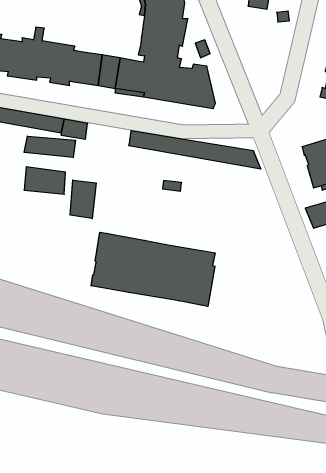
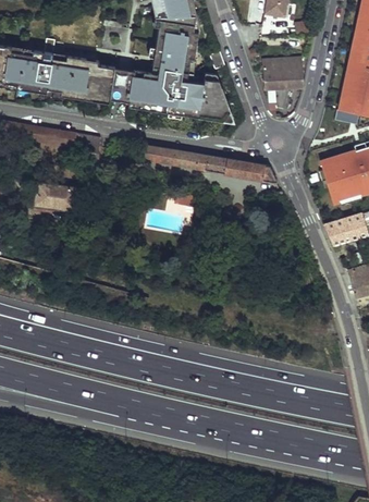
building: none -> [254,51,307,90]
building: [24,136,75,158] -> none
building: [70,180,96,219] -> none
building: [91,232,215,306] -> none

